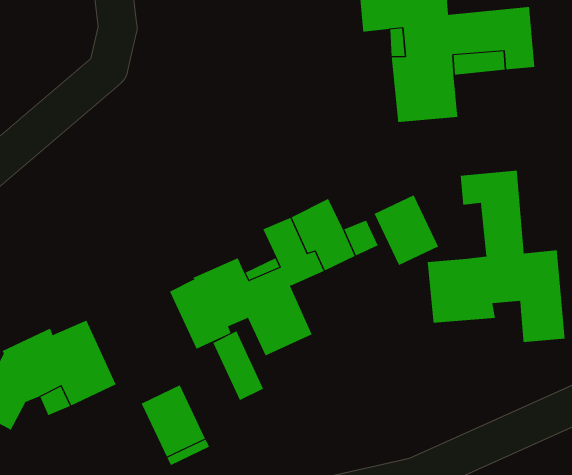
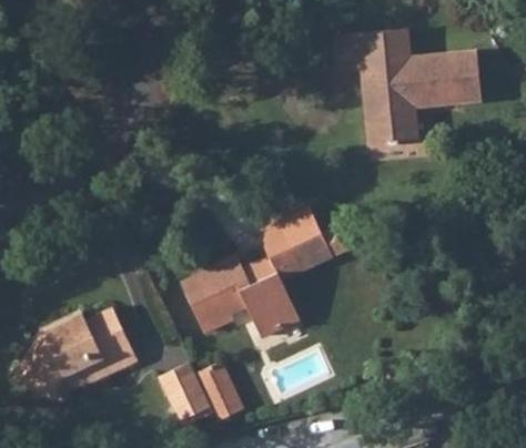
building: [427,170,565,343] -> none
building: [374,195,439,266] -> none
building: [212,331,264,401] -> [200,363,242,420]

